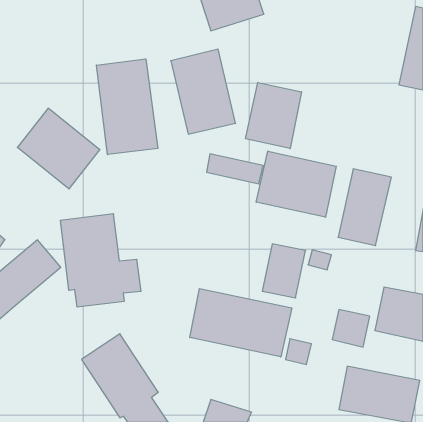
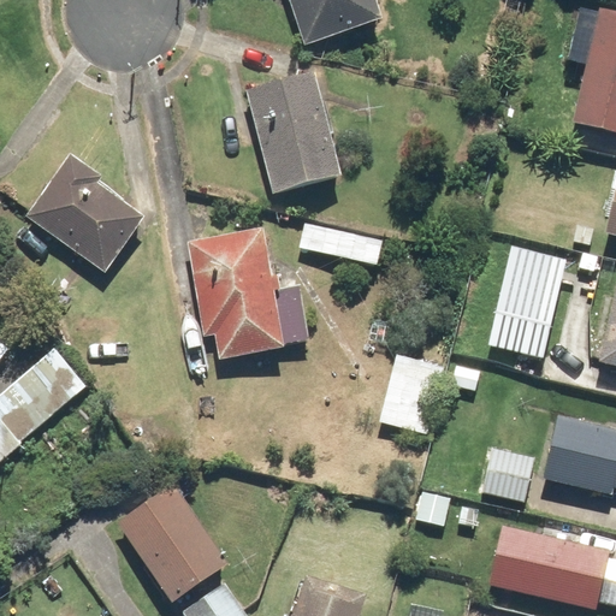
building: [96,59,158,155] -> none
building: [246,82,301,149] -> none
building: [256,151,336,217] -> none
building: [60,214,141,307] -> [190,225,307,360]
building: [190,289,292,357] -> none

